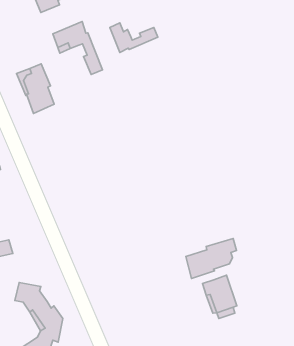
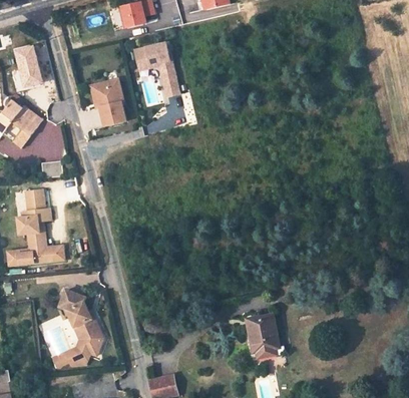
building: [110,23,158,53] -> none
building: [186,239,237,279] -> none

